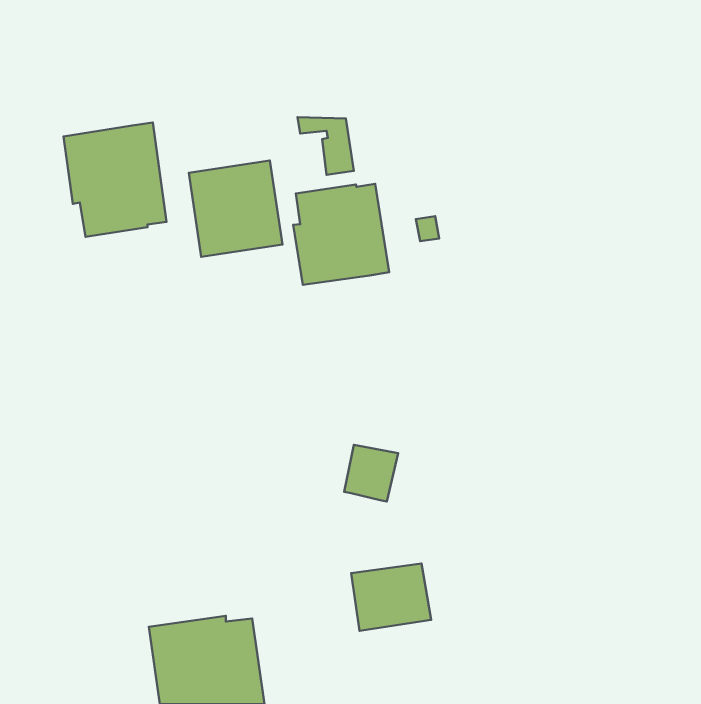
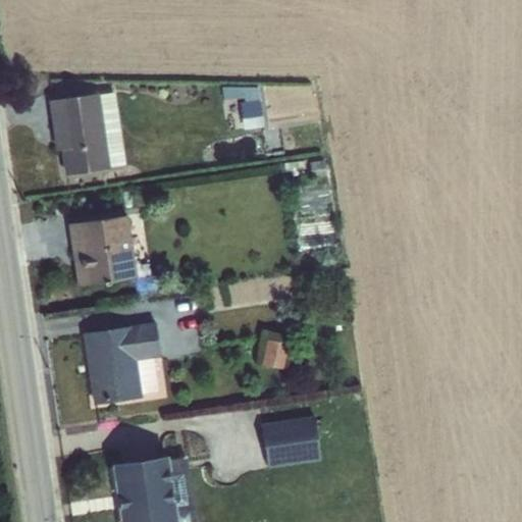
building: [189,160,282,257] -> [68,215,138,286]
building: [293,184,389,285] -> none
building: none -> [84,322,161,405]

